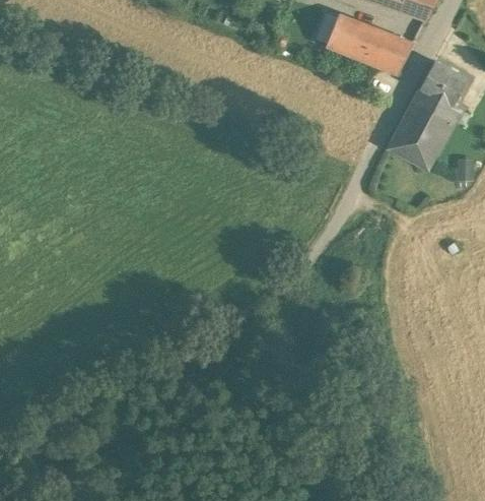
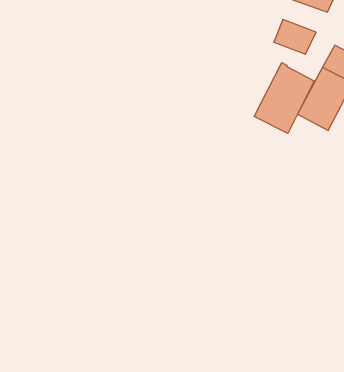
building: [327,16,370,57] -> none
building: none -> [254,63,314,133]

